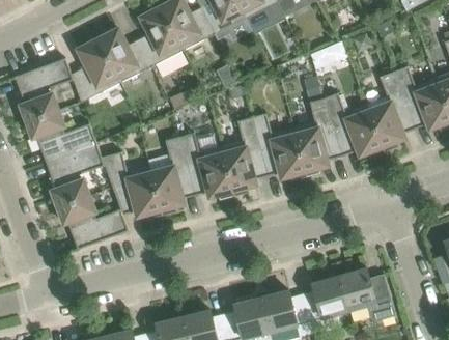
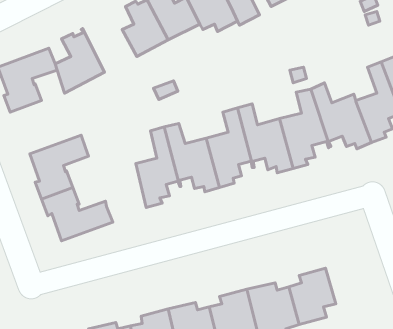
building: [97,28,151,82] -> none
building: [26,110,96,163] -> none
building: [101,151,161,219] -> none
building: [338,267,395,320] -> none

